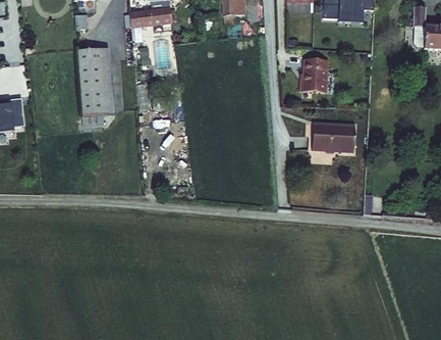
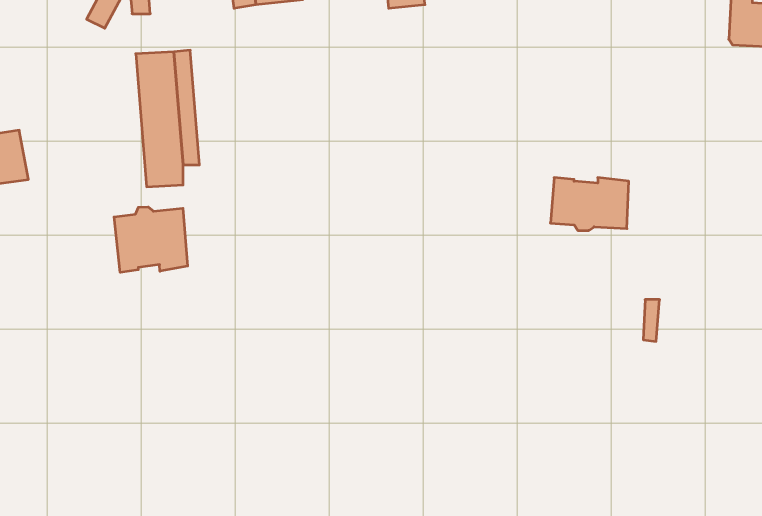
building: [296,55,324,89] -> none
building: none -> [114,207,188,272]

